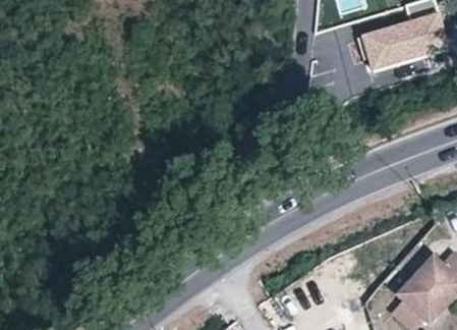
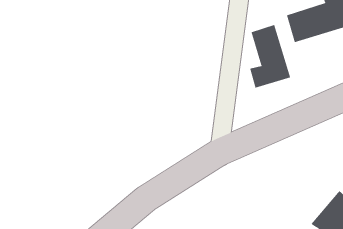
building: none -> [249,24,291,88]

